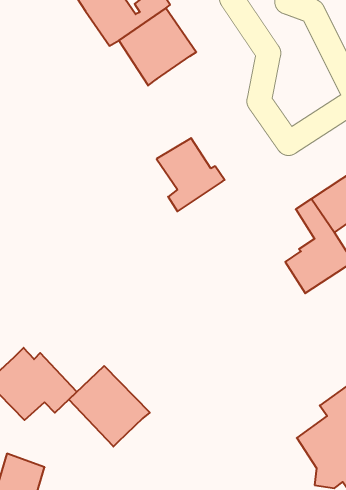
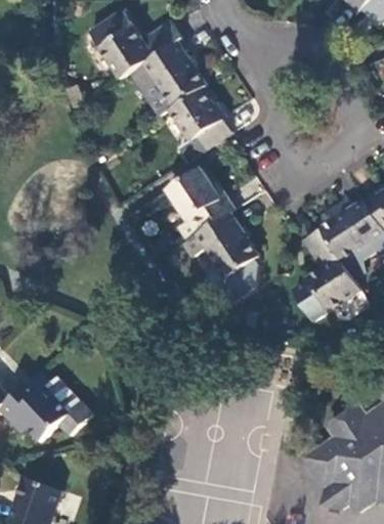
building: none -> [168,88,230,159]
building: none -> [185,211,261,302]
building: [69,366,150,447] -> none

